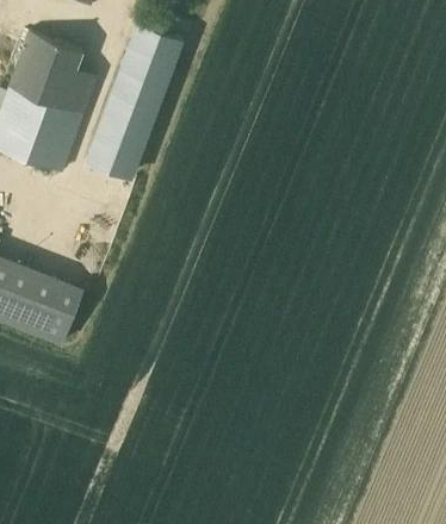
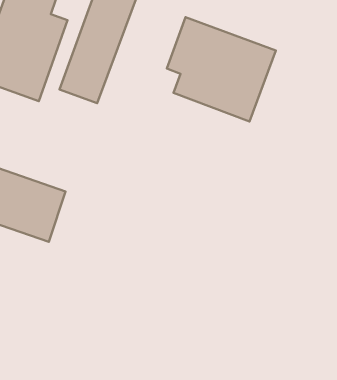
building: none -> [167,17,276,121]

